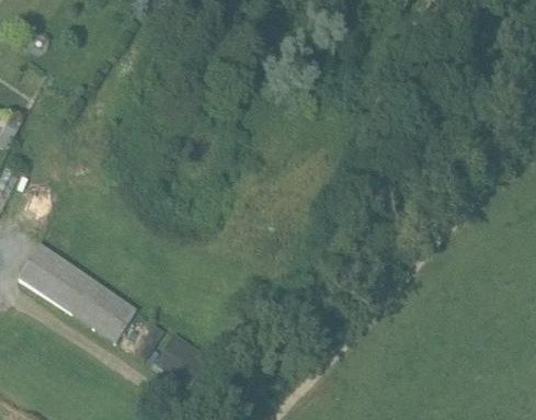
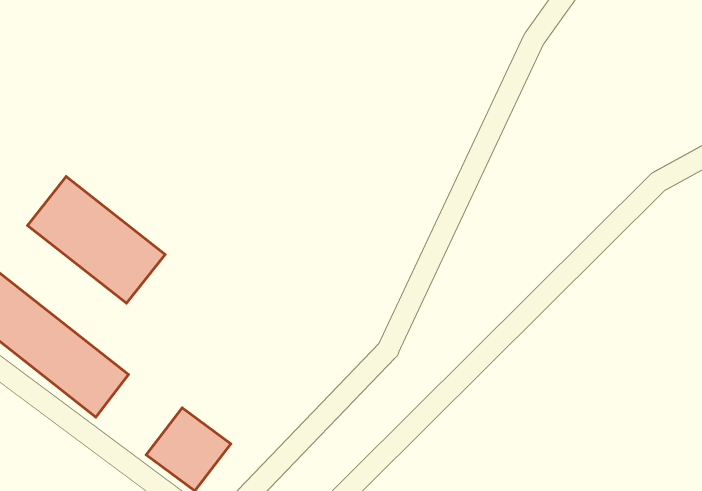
building: none -> [27,177,165,303]

